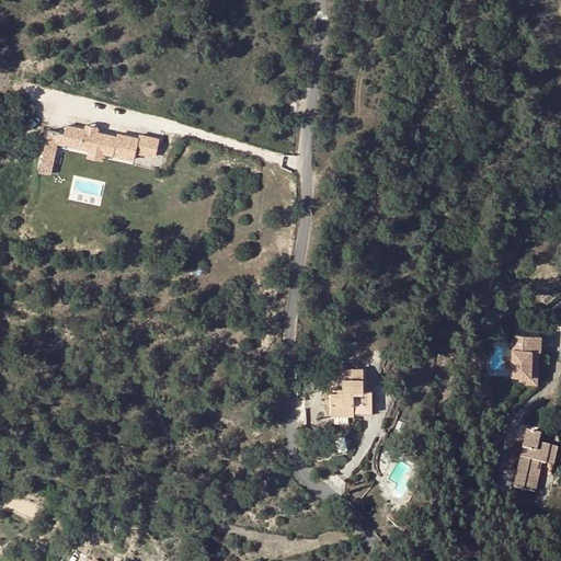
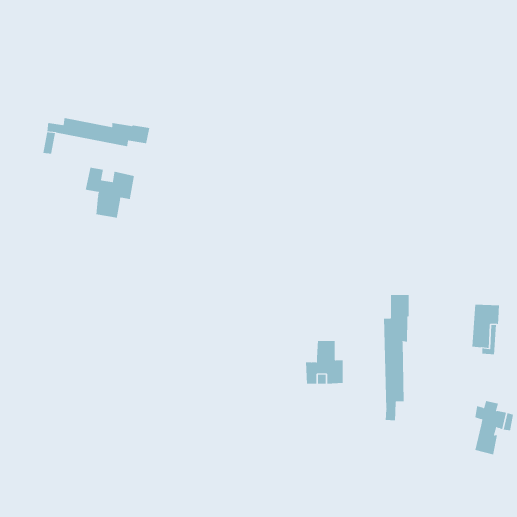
building: none -> [85,167,134,219]
building: none -> [383,294,409,421]

